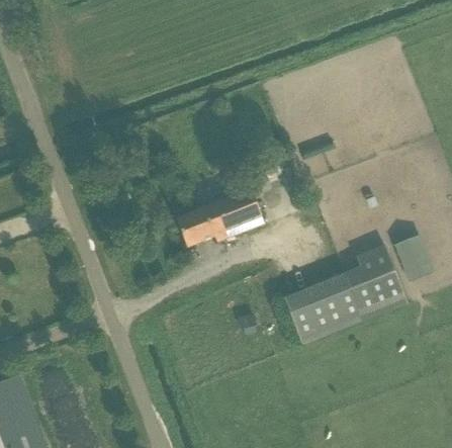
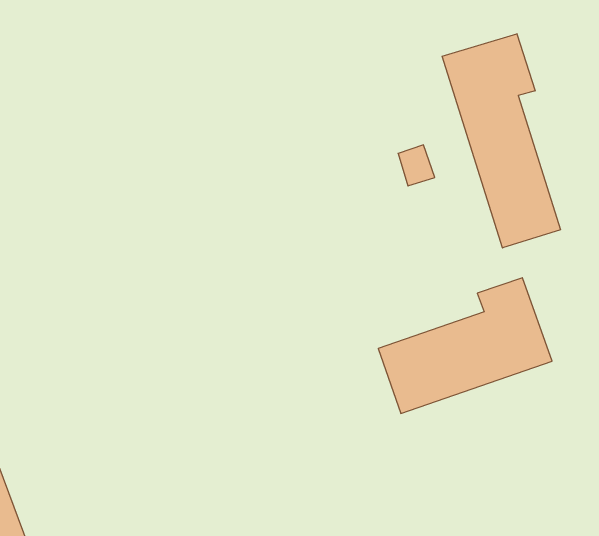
building: none -> [442,34,561,248]
building: [171,190,260,248] -> none

